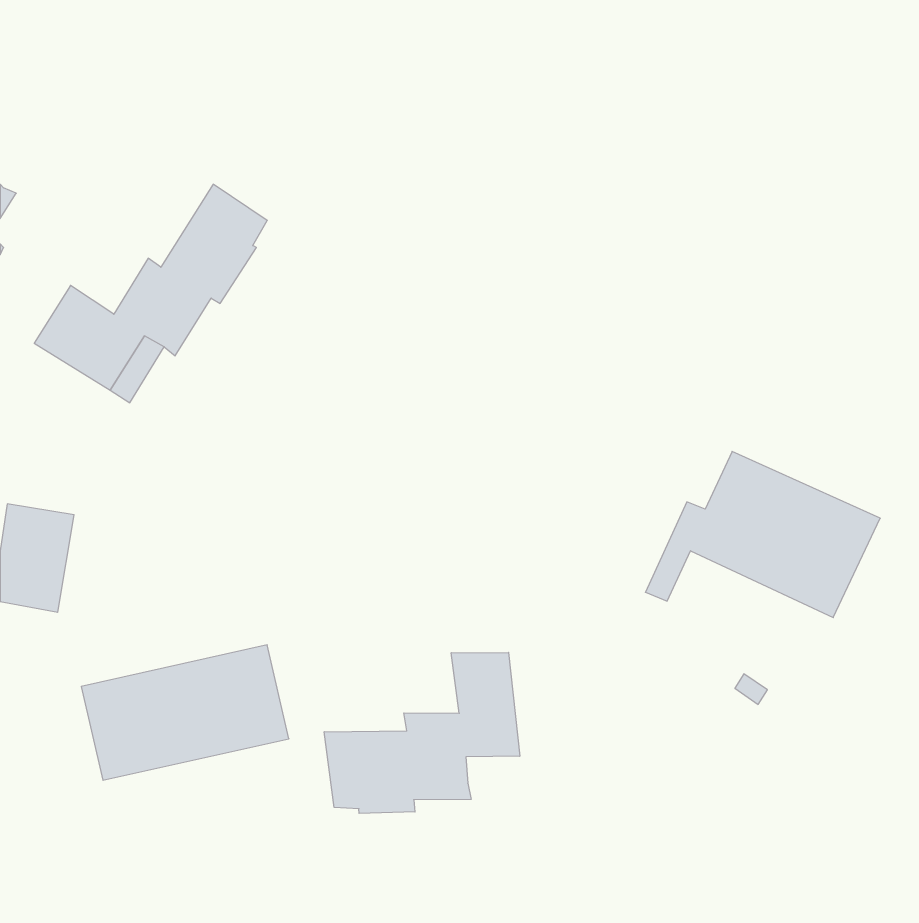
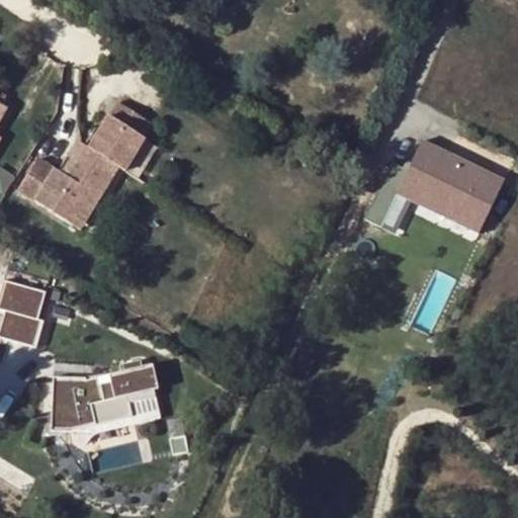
building: [645,451,880,618] -> [371,139,503,232]
building: [324,652,520,813] -> none

